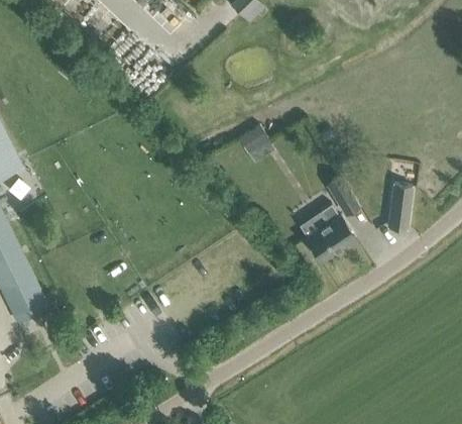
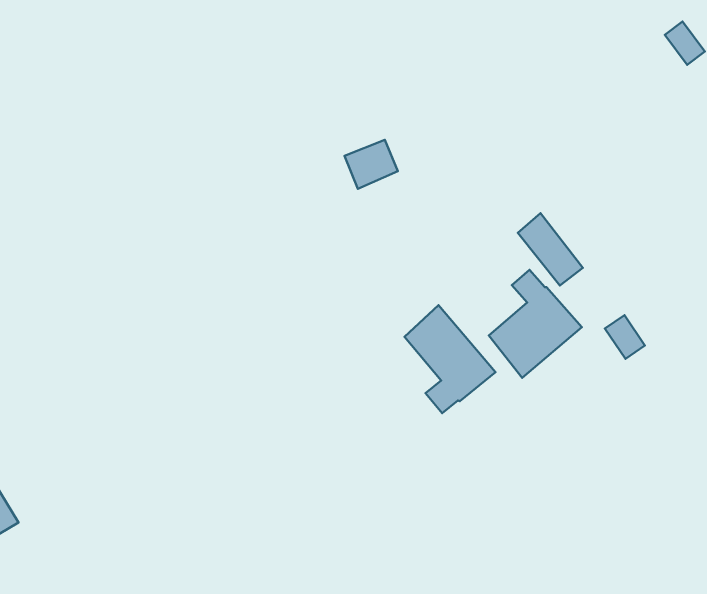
building: [384,184,409,230] -> none
building: none -> [404,305,495,413]

